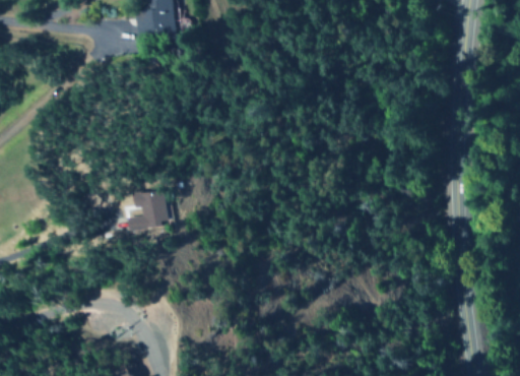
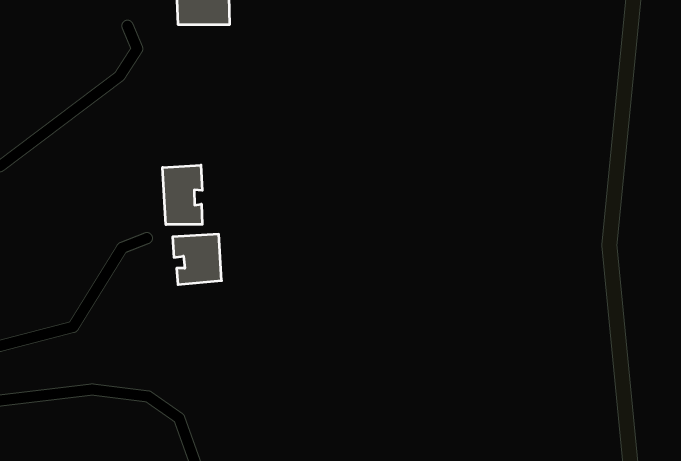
building: none -> [163,165,202,225]

